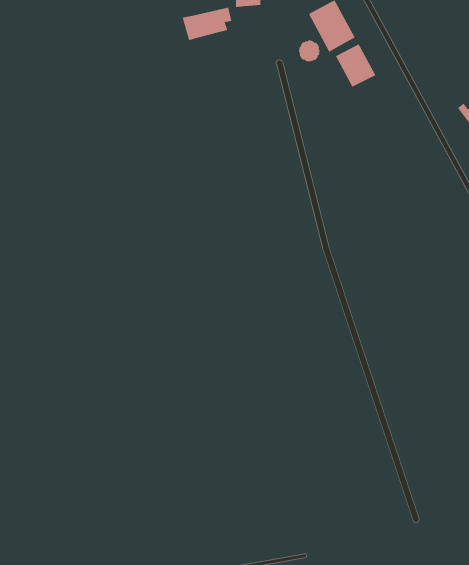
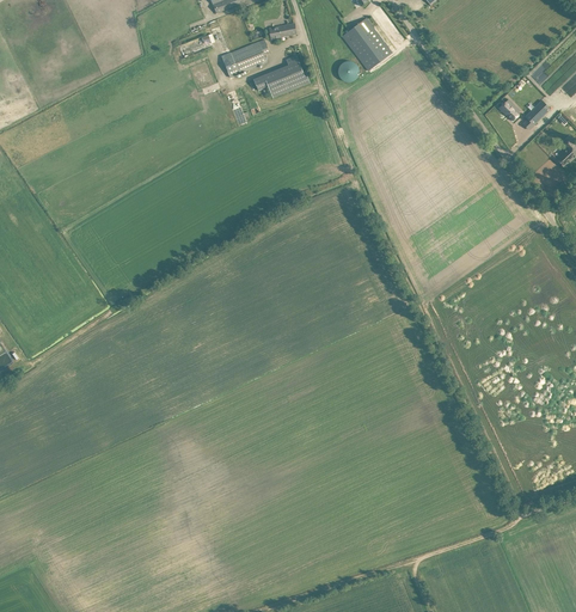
building: none -> [253,54,310,97]
building: [335,44,376,88] -> none

